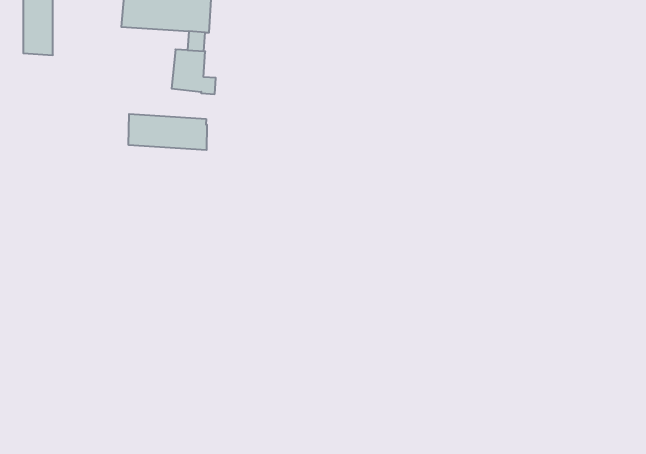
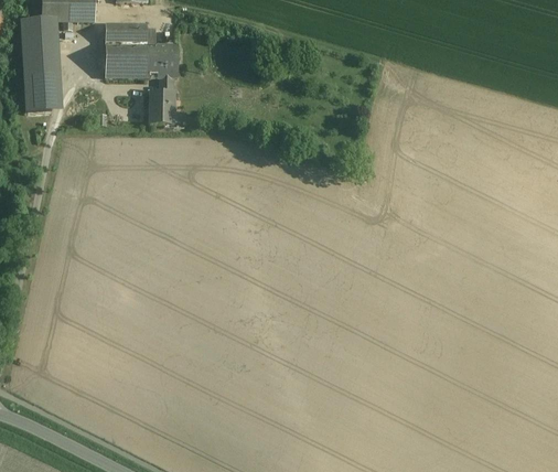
building: [129,114,207,150] -> none

